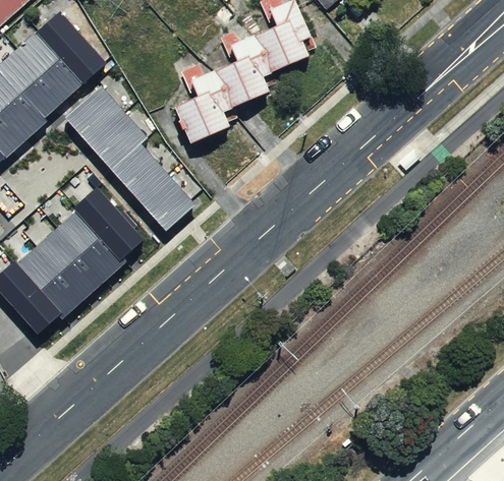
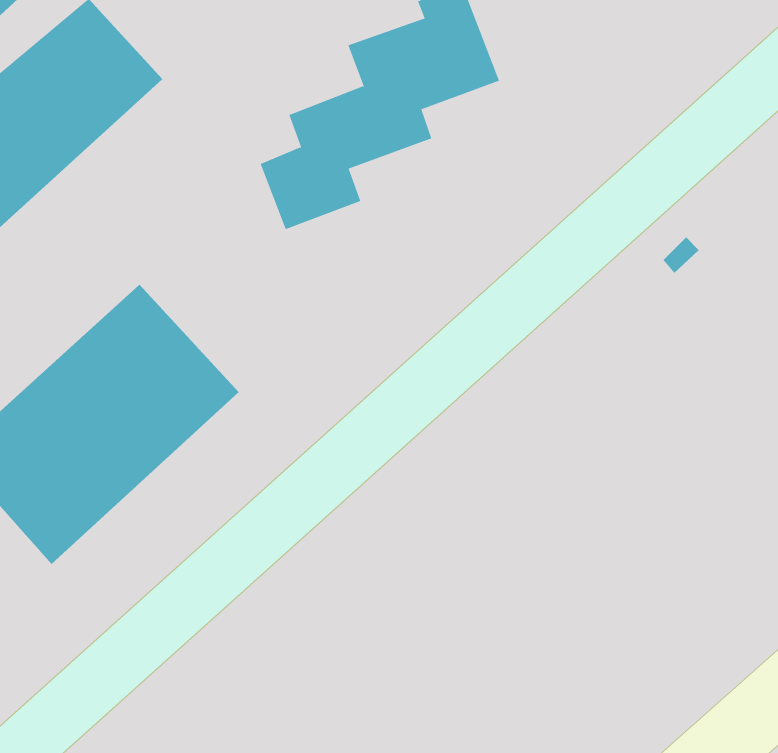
building: [58,80,199,235] -> none

